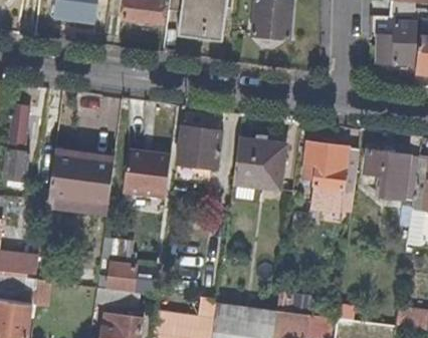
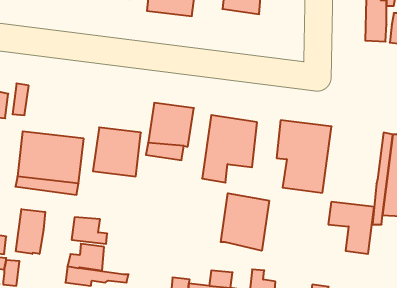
building: [364,149,409,201] -> [328,202,374,254]
building: none -> [221,193,269,251]
building: none -> [16,209,45,254]

